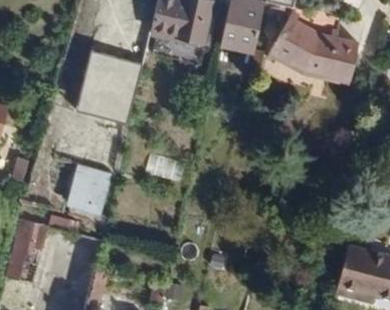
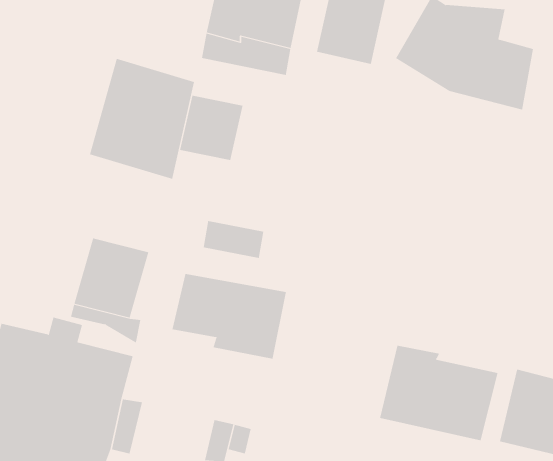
building: none -> [179,95,243,161]
building: none -> [172,273,286,359]
building: none -> [379,345,498,441]

